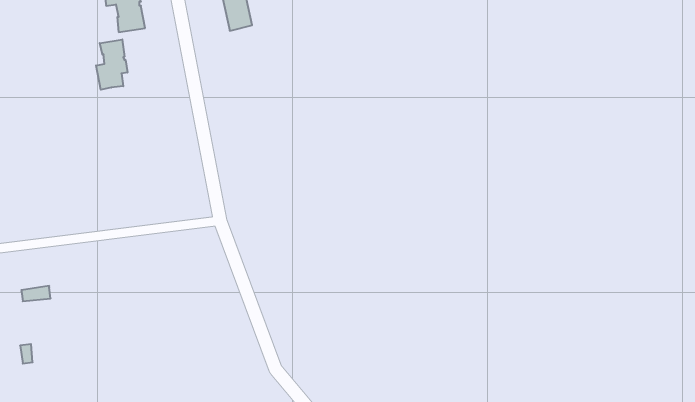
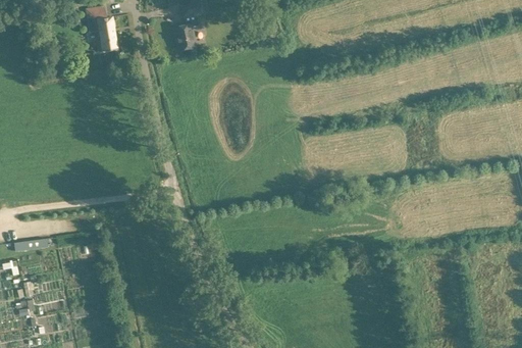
building: [96,39,127,90] -> none

